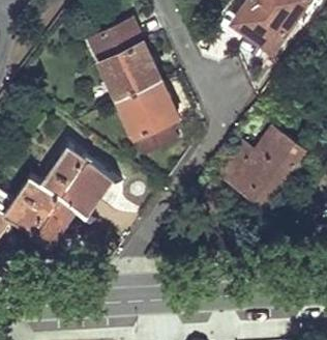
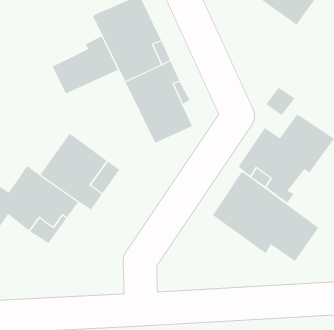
building: none -> [52,35,118,94]
building: none -> [212,171,319,262]

